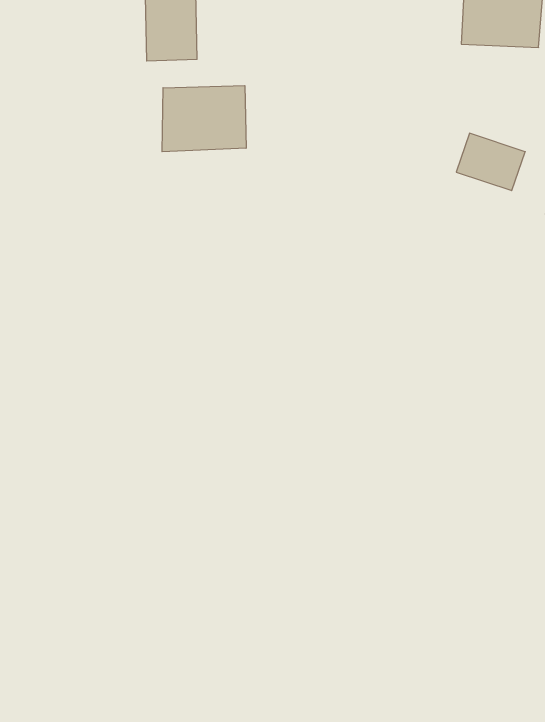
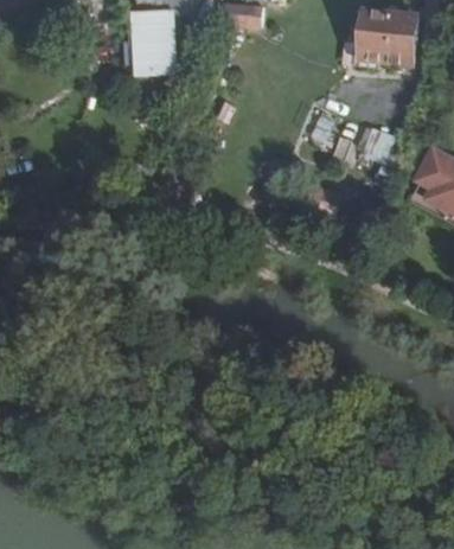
building: [162,86,246,152] -> none

